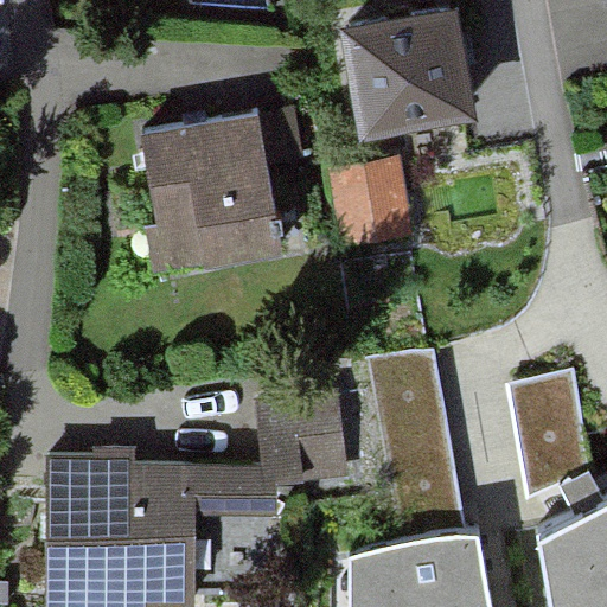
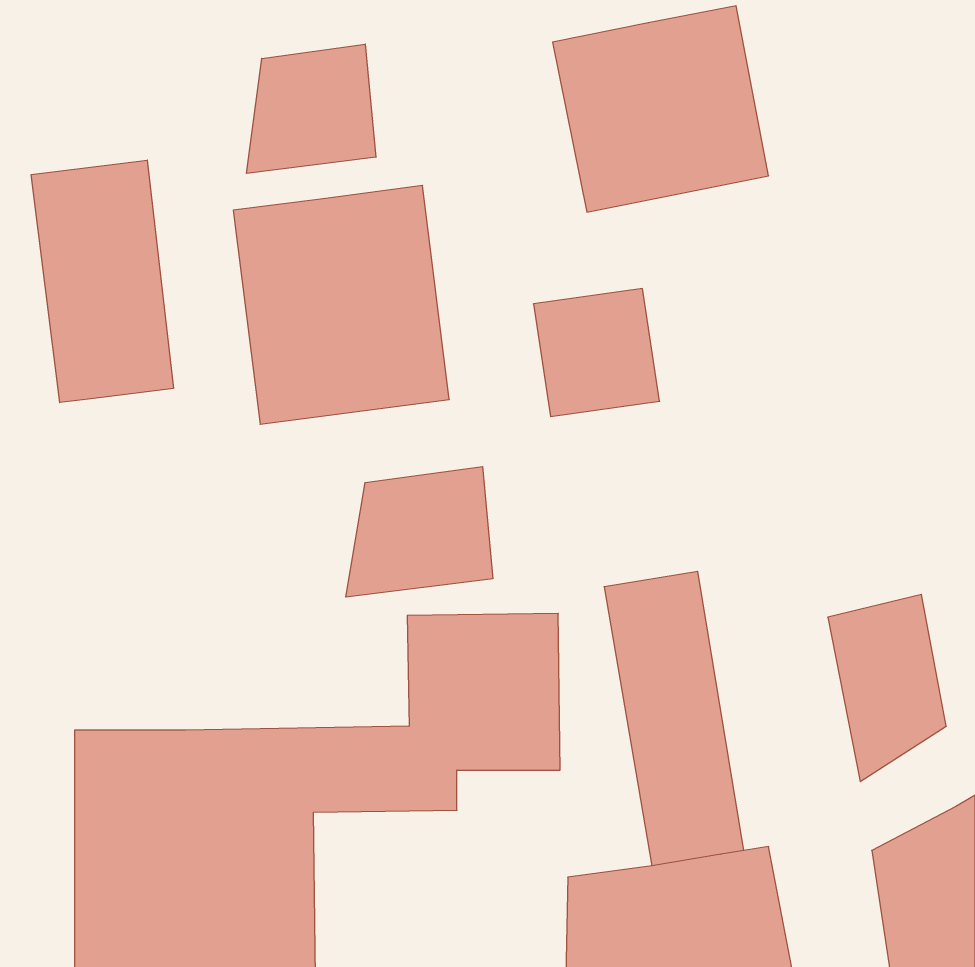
building: none -> [247,44,376,173]
building: none -> [31,160,173,403]
building: none -> [346,467,493,597]

